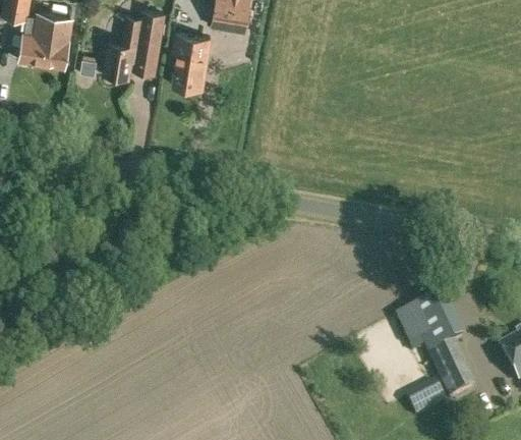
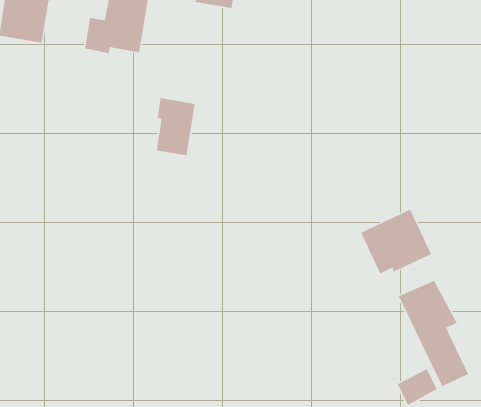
building: [171,33,210,90] -> [156,97,196,156]
building: none -> [360,209,432,275]

